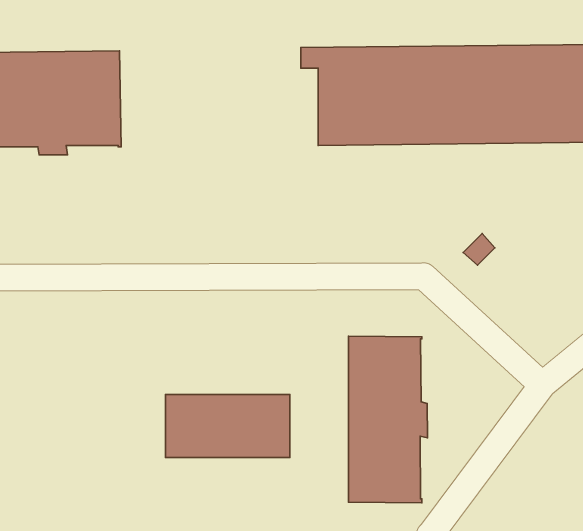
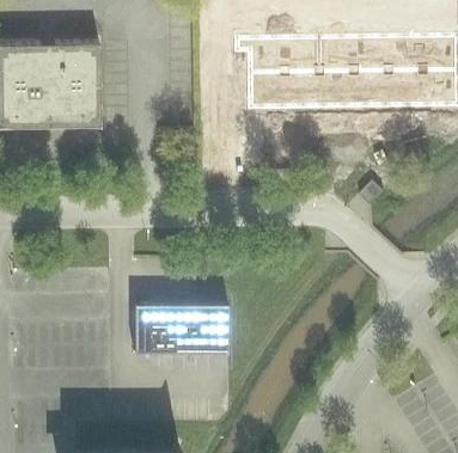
building: [349,336,427,503] -> none

